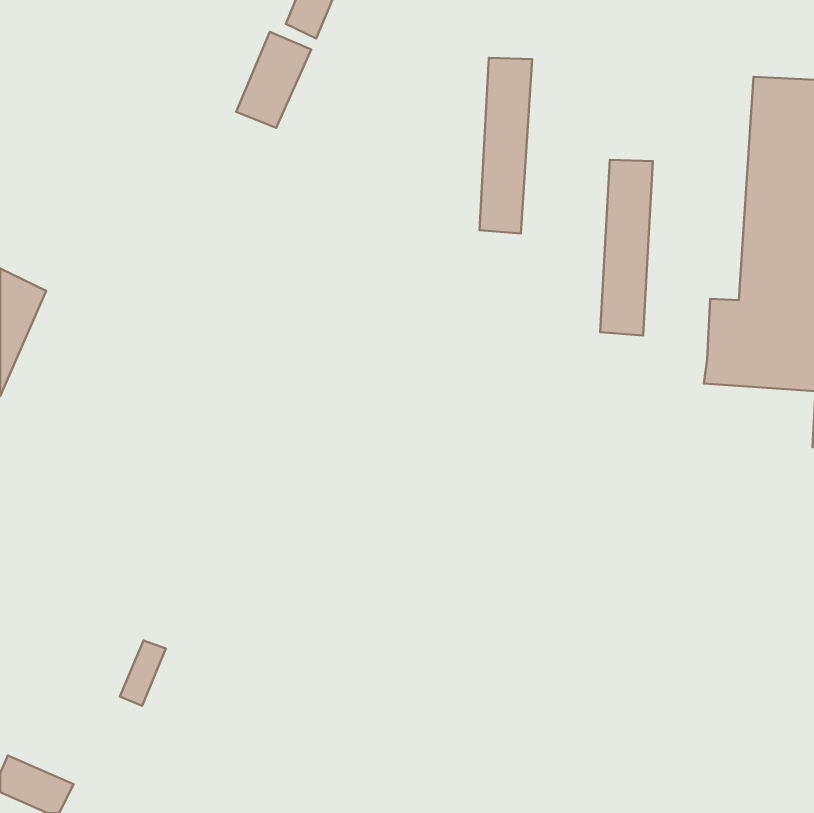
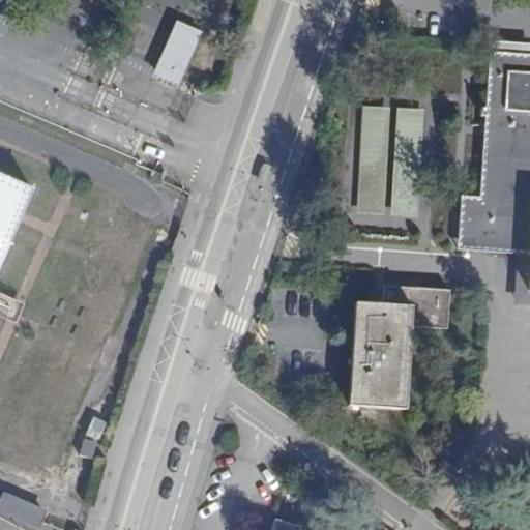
building: [479,58,532,233] -> [357,101,391,215]
building: none -> [349,284,450,408]

